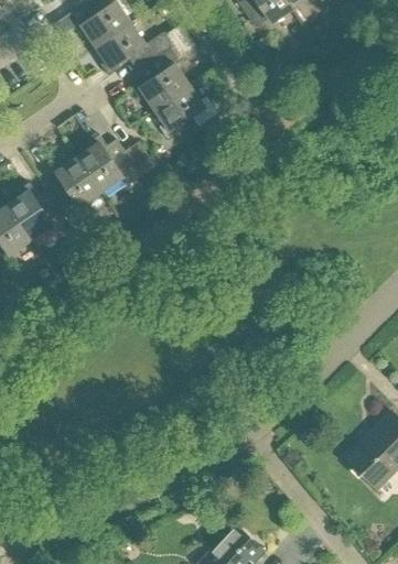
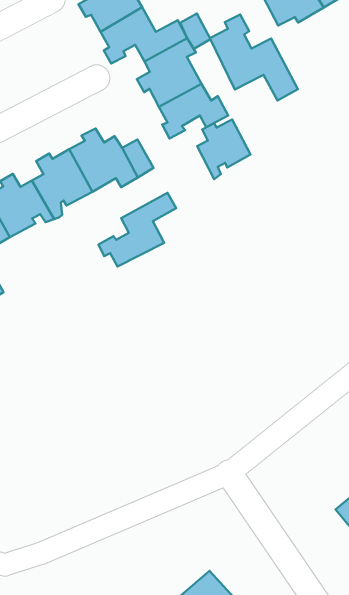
building: none -> [210,15,298,100]
building: none -> [197,119,251,179]
building: none -> [98,193,176,267]

